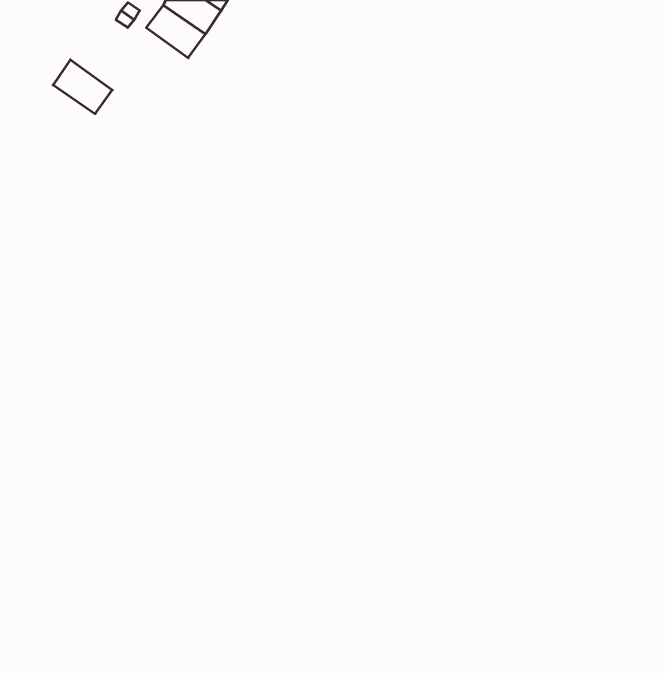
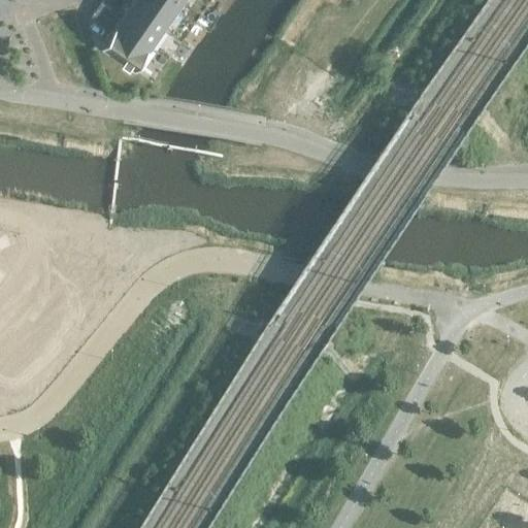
building: [53,60,112,114] -> [107,22,154,64]

